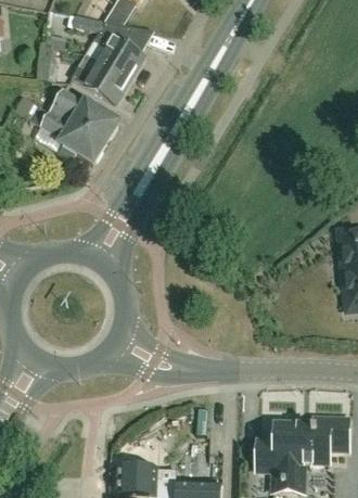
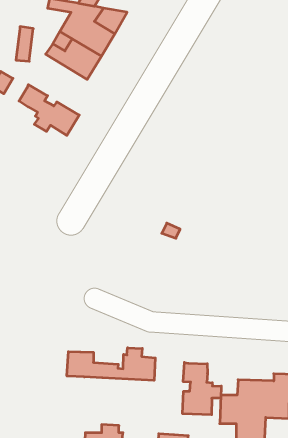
building: [51,89,118,141] -> none
building: none -> [67,348,155,380]
building: none -> [183,362,221,415]

